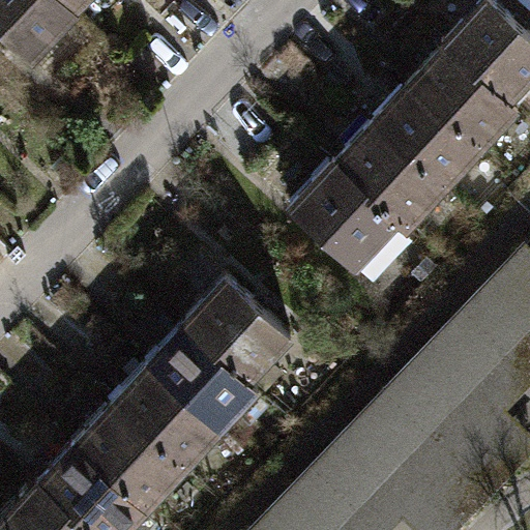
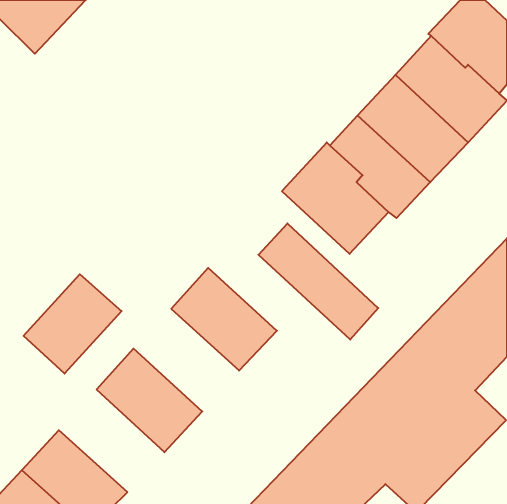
building: none -> [258,223,378,340]
building: none -> [24,274,122,374]
building: [139,326,248,433] -> none
building: [61,410,171,517] -> none

